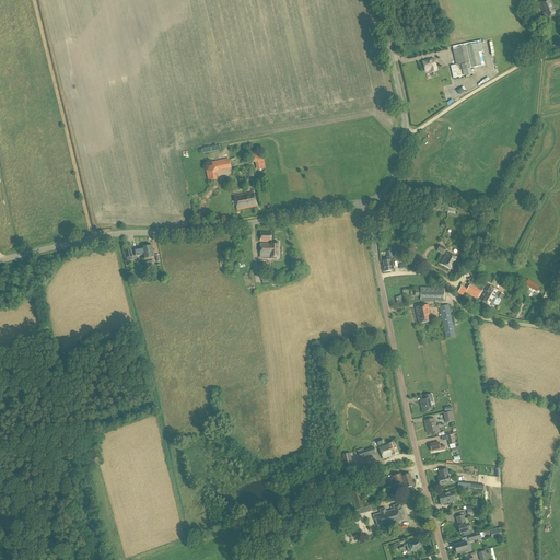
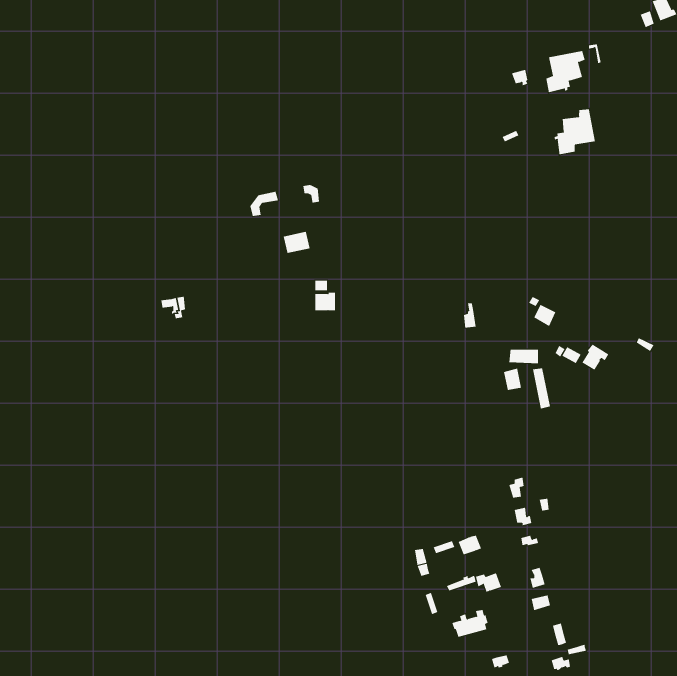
building: none -> [554,108,596,155]

